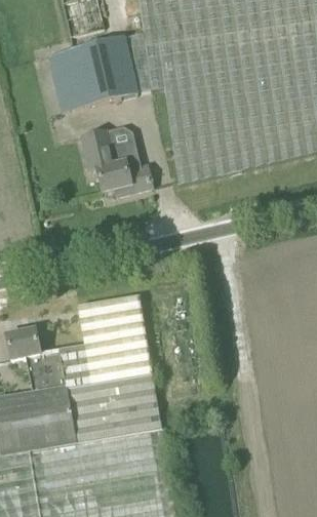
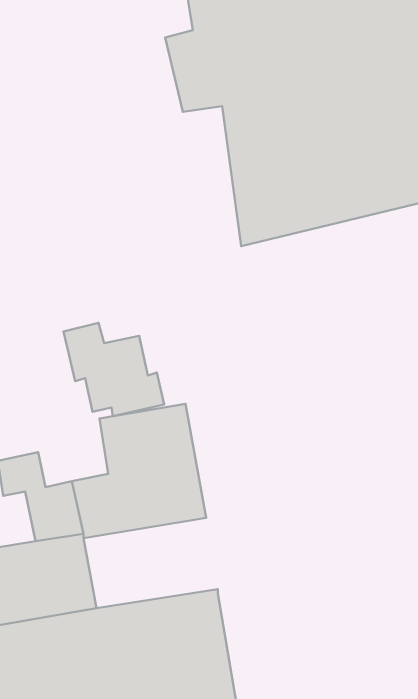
building: [48,38,137,111] -> none
building: [81,130,152,196] -> [63,323,164,416]
building: [67,375,161,439] -> none

